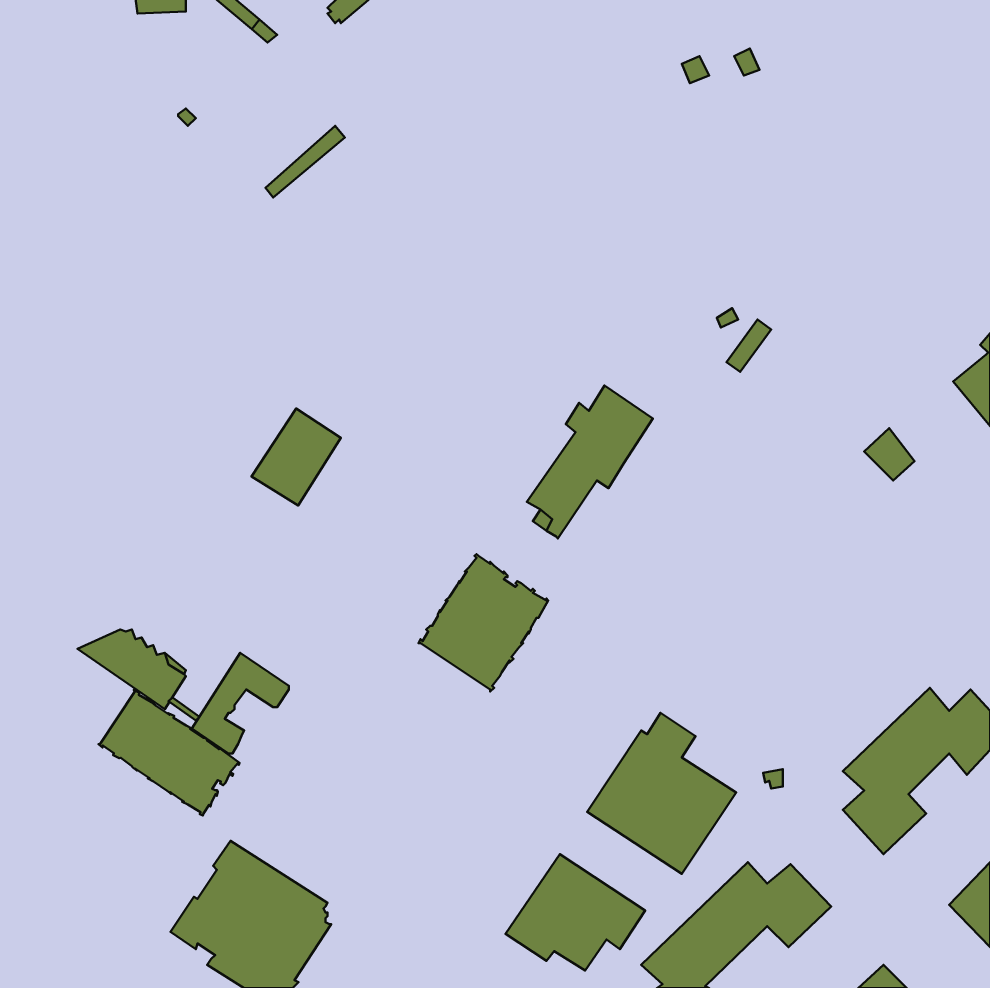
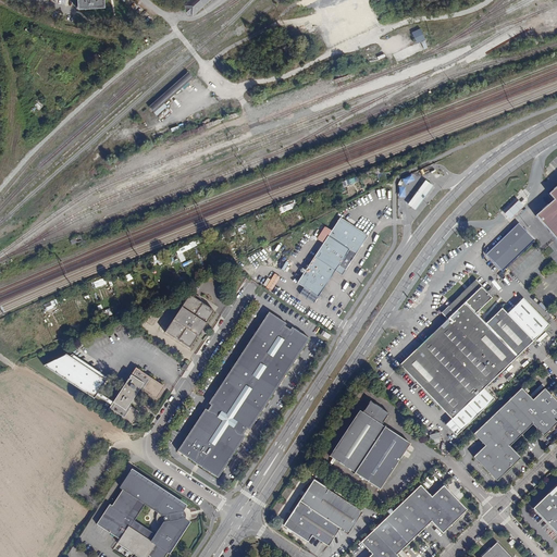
building: none -> [499,222,534,259]
building: [252,409,341,506] -> [163,294,213,348]
building: none -> [399,281,550,435]
building: none -> [176,361,275,476]
building: [98,690,239,816] -> none

